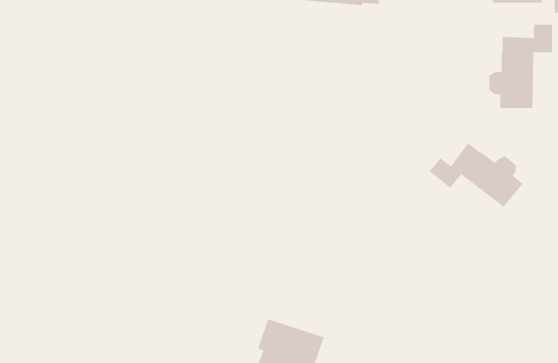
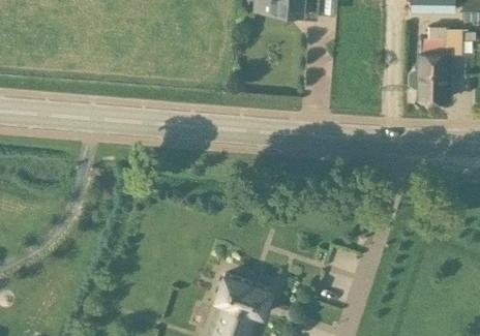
building: [429,143,524,208] -> none

